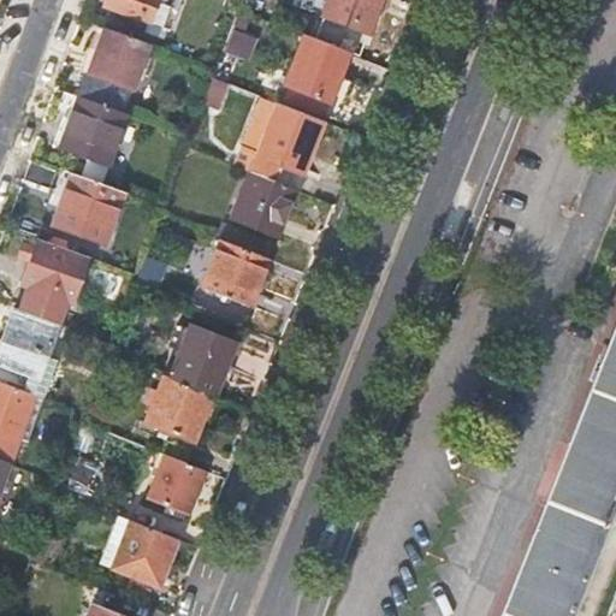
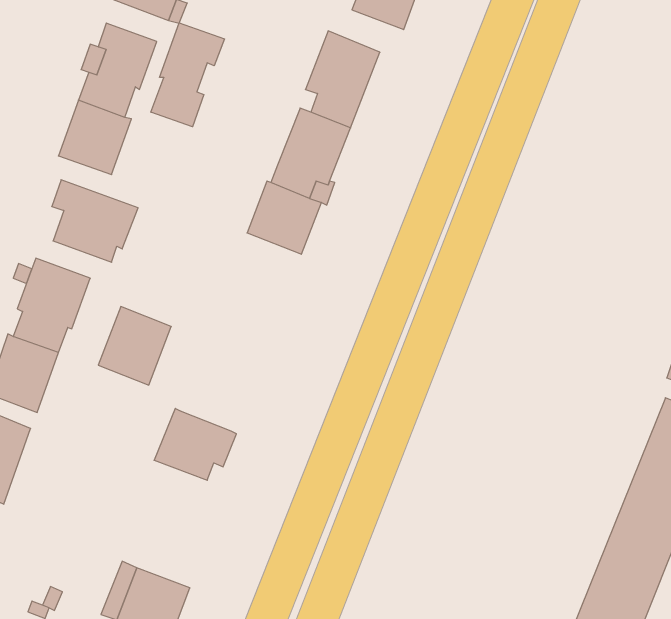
building: none -> [151,23,224,127]
building: [201,242,268,308] -> none
building: [168,326,235,397] -> [98,307,171,385]
building: [146,456,203,515] -> none

